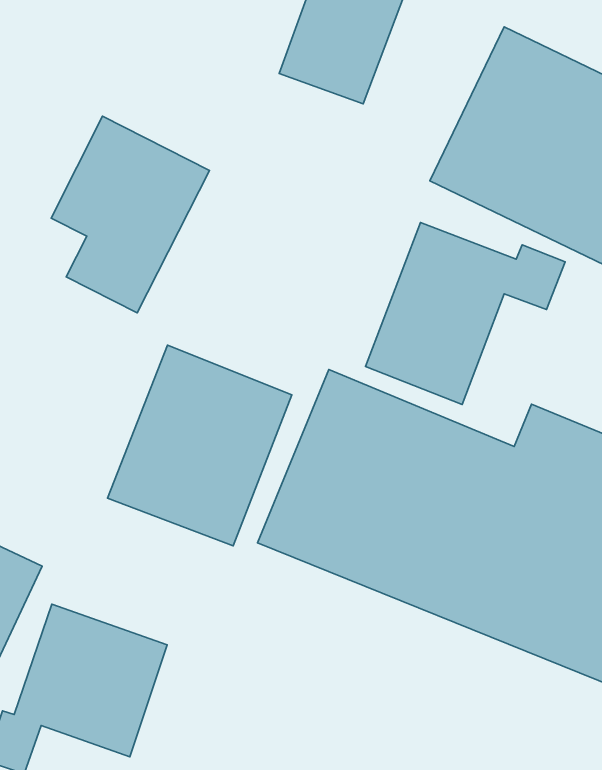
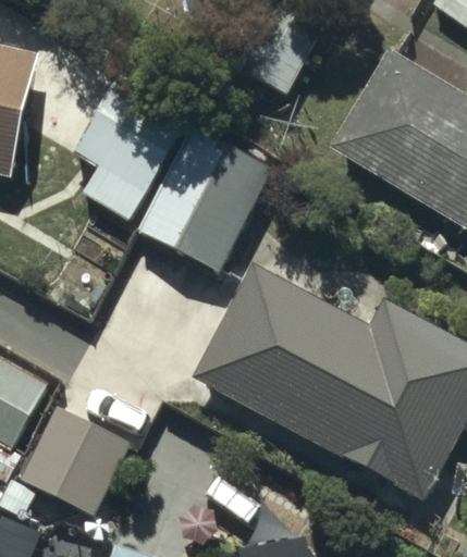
building: [365,222,565,405] -> none
building: [107,345,292,546] -> [139,127,269,265]

